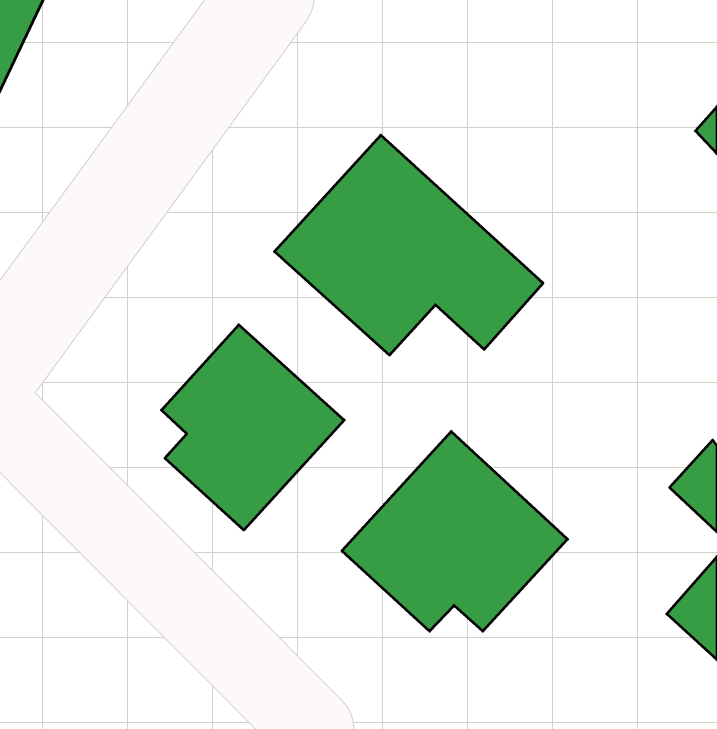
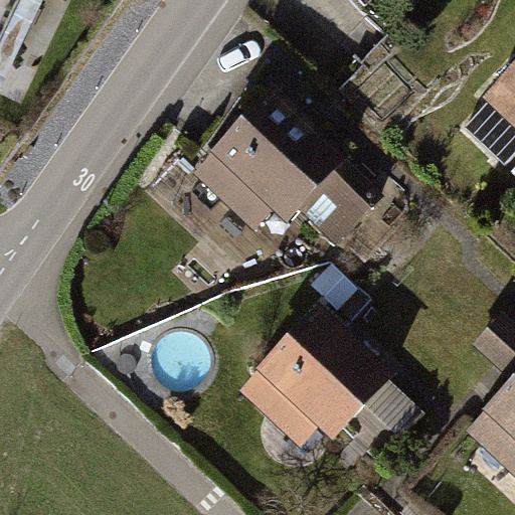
building: [161,325,344,530] -> none

